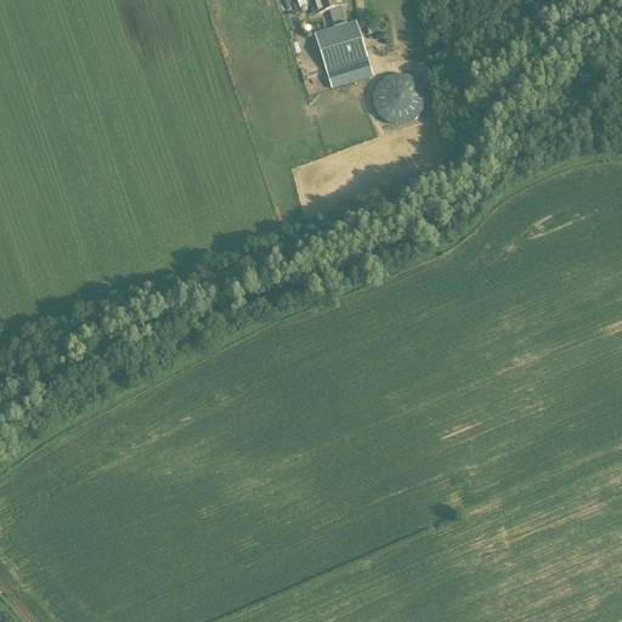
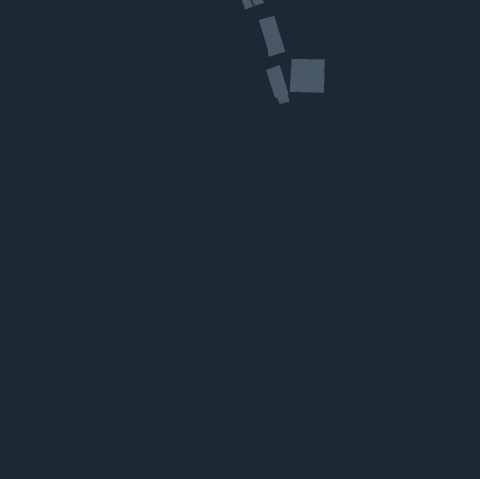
building: [313,26,346,78] -> [265,64,291,105]

